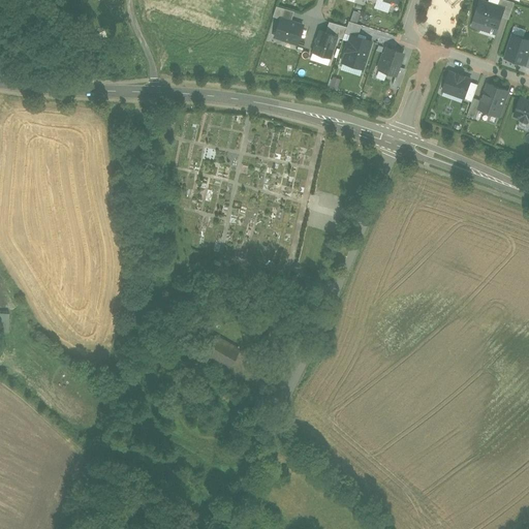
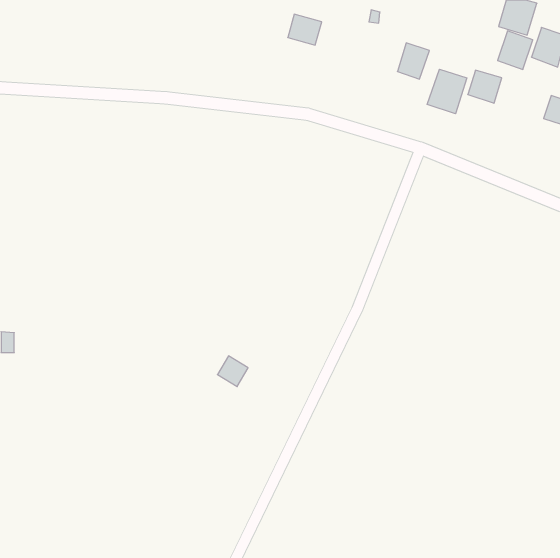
building: [309,27,337,57] -> none
building: [341,33,373,69] -> none
building: none -> [427,69,467,114]
building: [477,81,510,117] -> [498,31,533,69]

